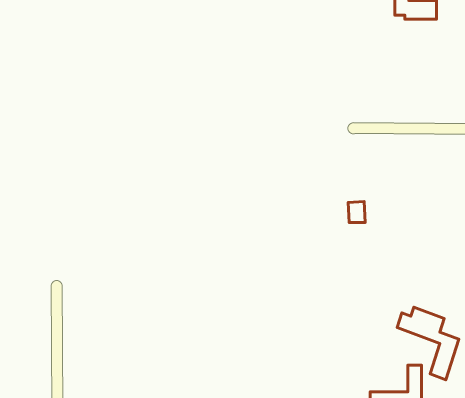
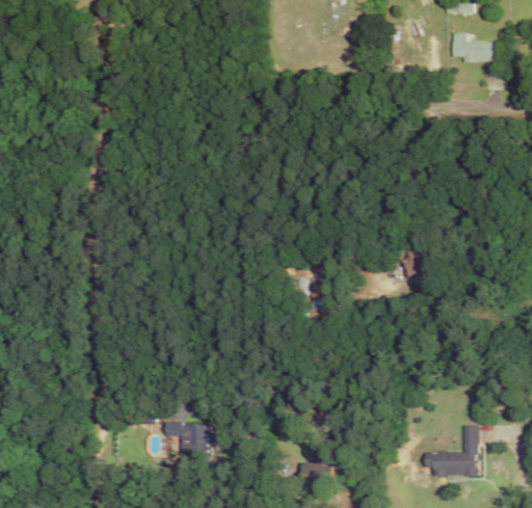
building: [397,307,459,380] -> none
building: none -> [164,423,210,451]

